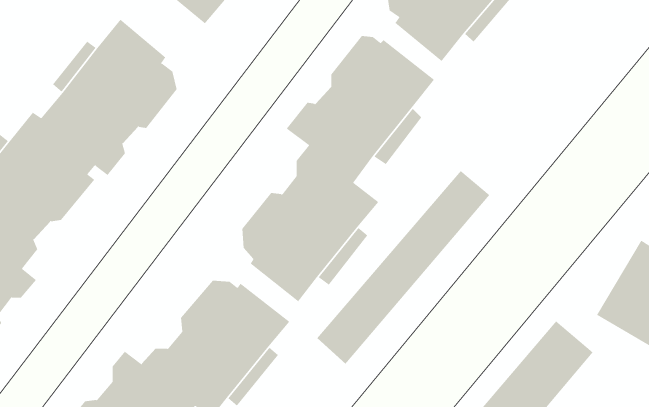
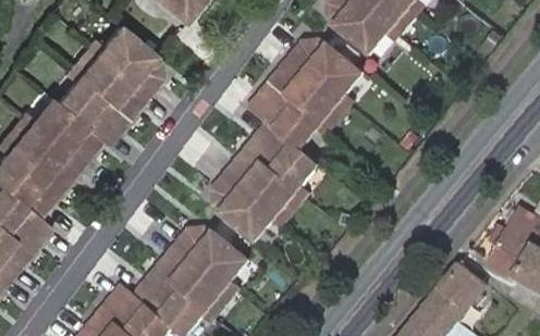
building: [317,170,490,364] -> none

